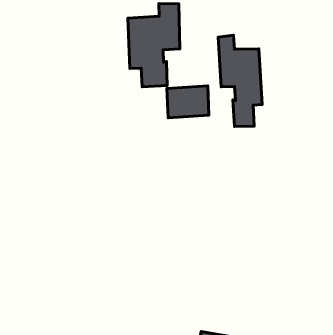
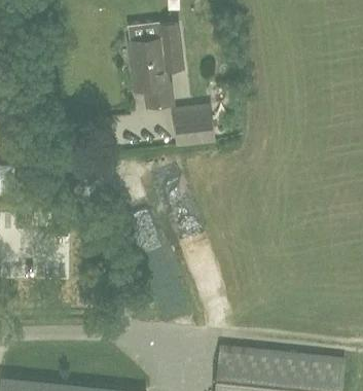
building: [218,35,262,126] -> none

